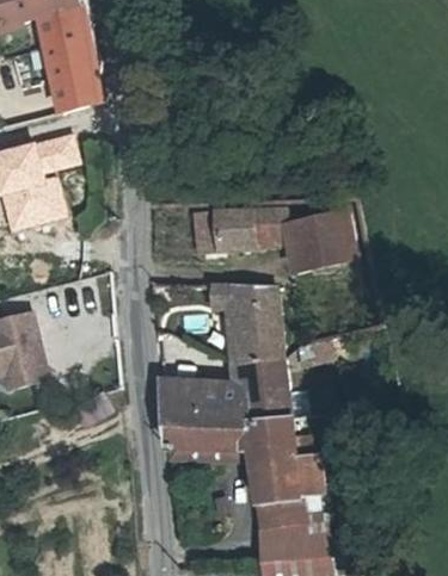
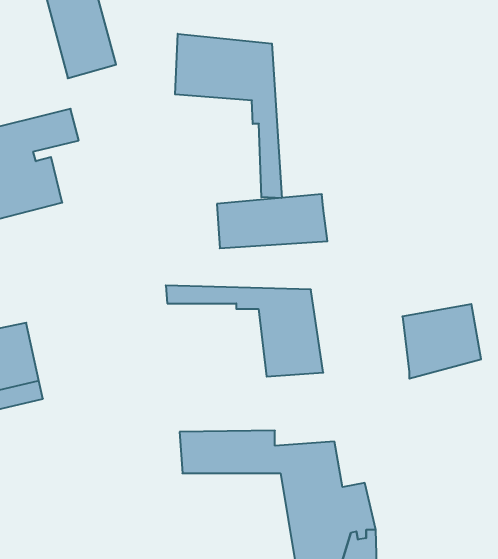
building: none -> [175,34,282,198]
building: [283,205,351,270] -> [402,304,481,379]
building: [155,358,293,421] -> none

